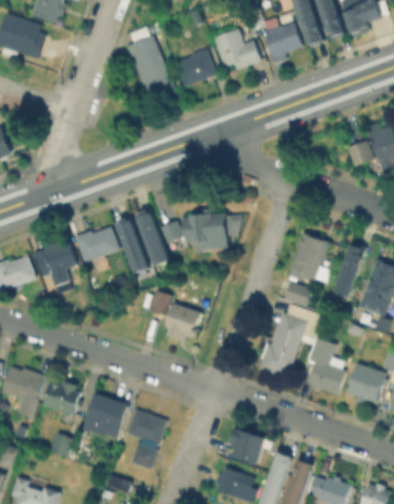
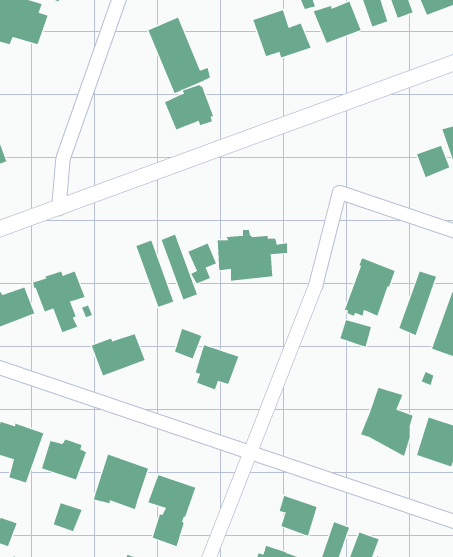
building: [175,48,216,86] -> [164,84,214,130]
building: [74,227,118,262] -> [91,334,145,376]
building: [259,305,323,380] -> none

